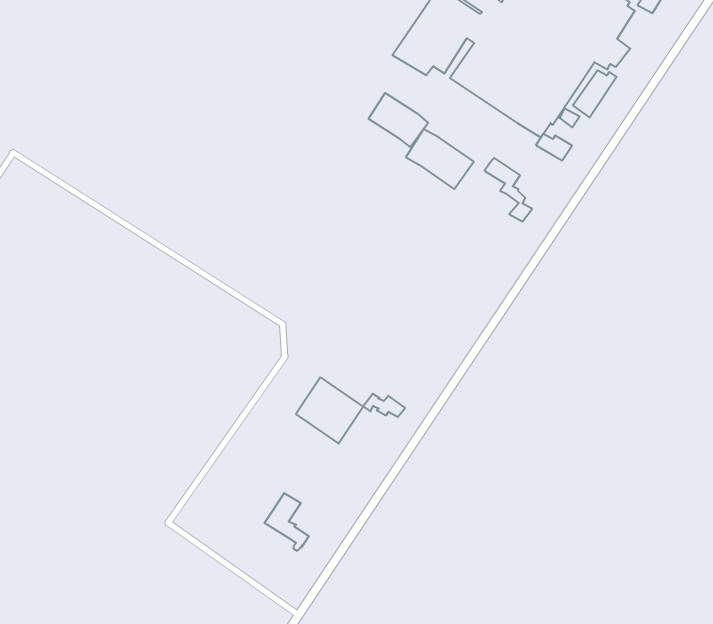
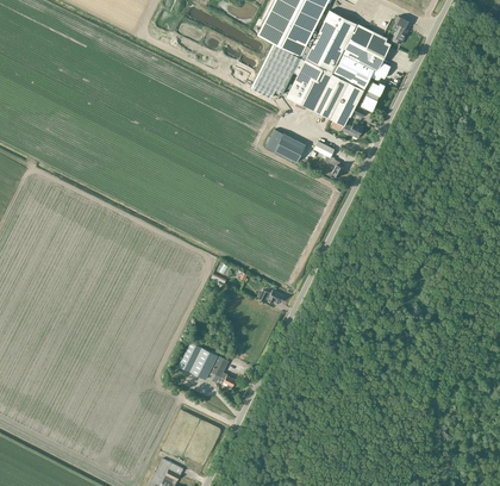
building: [369,93,428,147] -> none
building: [296,377,363,444] -> [179,342,218,380]

